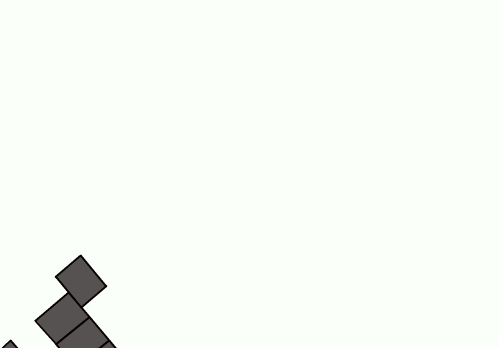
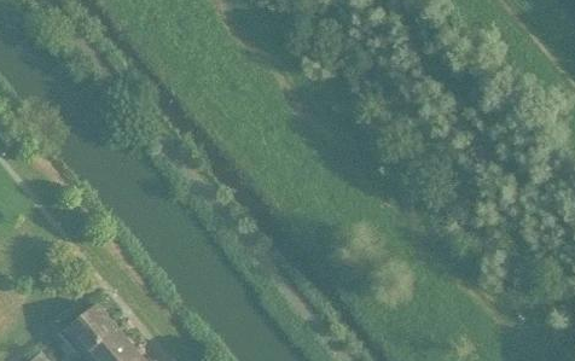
building: [56,256,106,307] -> none

